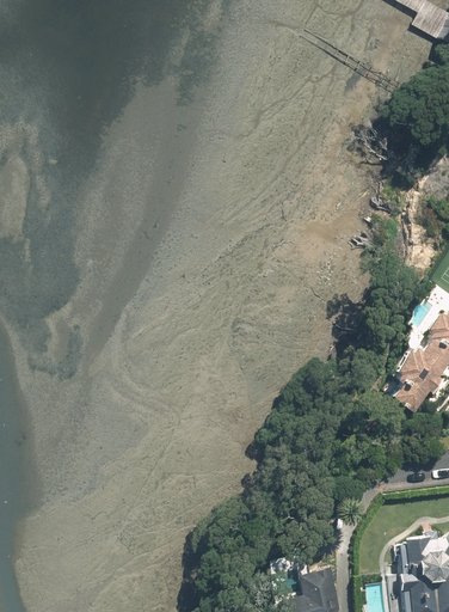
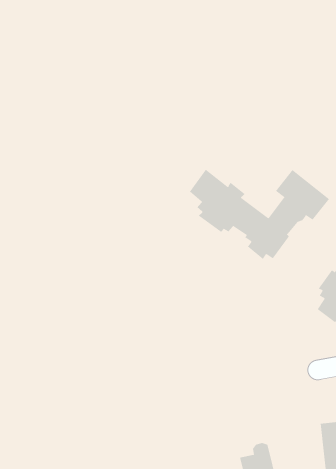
building: none -> [189,169,330,260]

